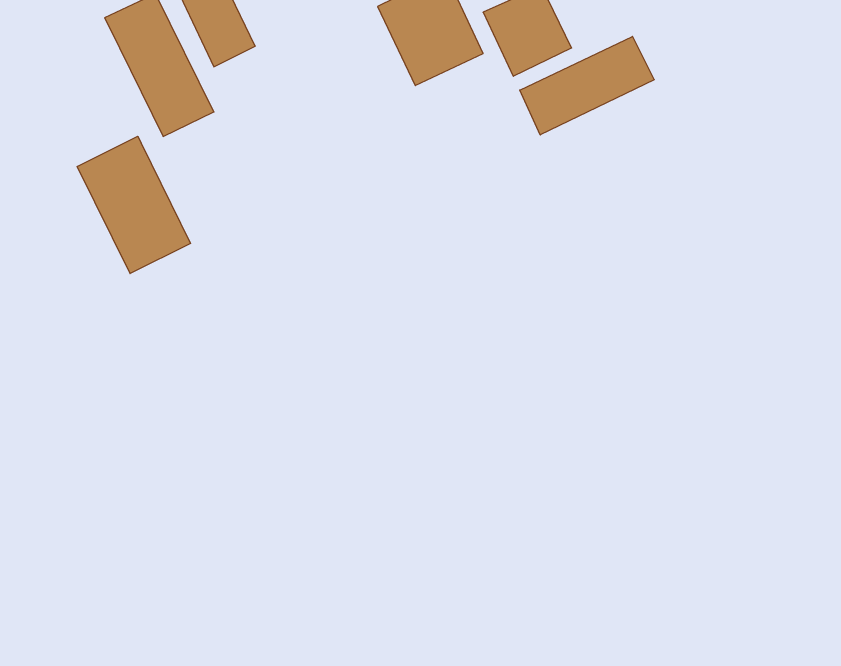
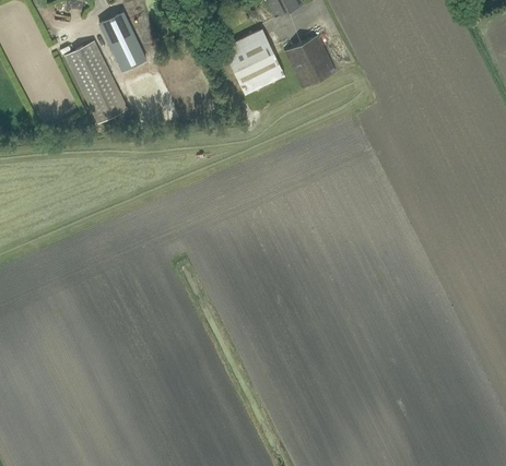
building: [520,36,654,135] -> none
building: [77,136,190,274] -> none

